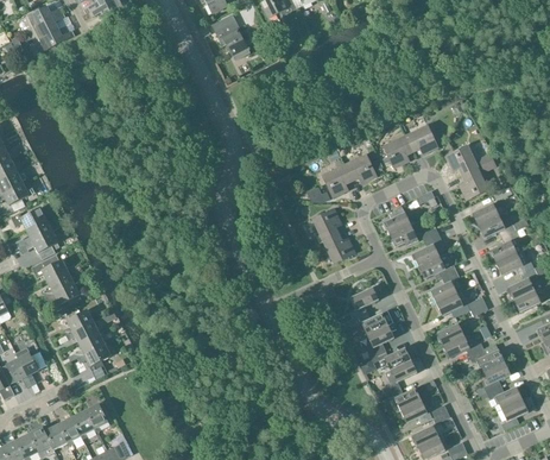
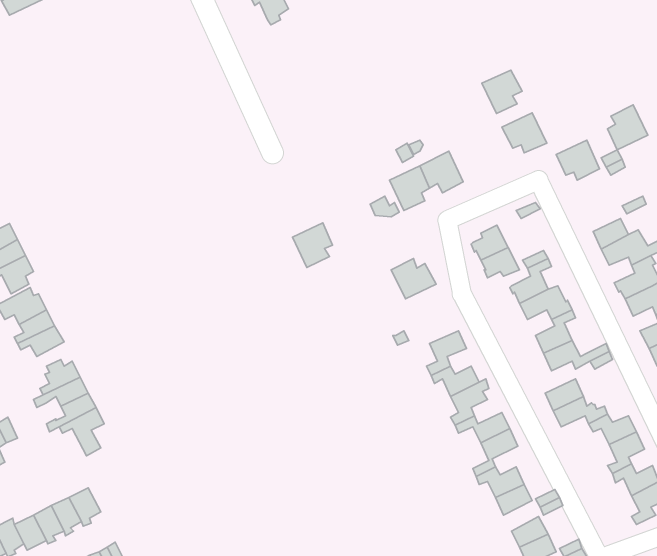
building: [384,136,413,168] -> [482,70,522,114]
building: [459,166,488,200] -> [608,105,648,150]
building: [312,208,342,241] -> [292,223,333,268]

